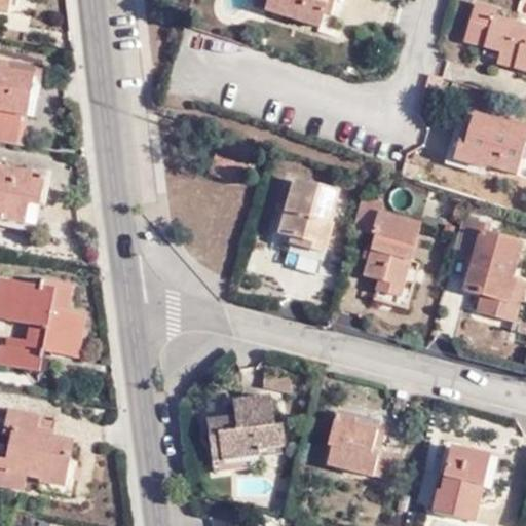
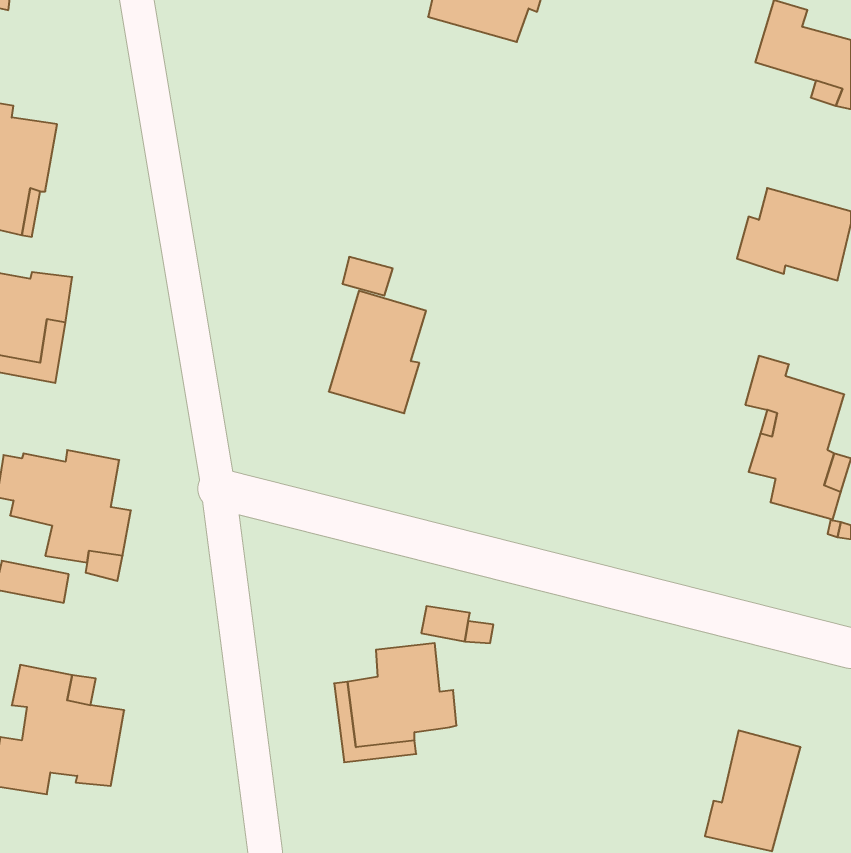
building: [273,175,333,250] -> [329,291,426,413]
building: [355,199,421,296] -> none
building: [329,414,402,480] -> none

